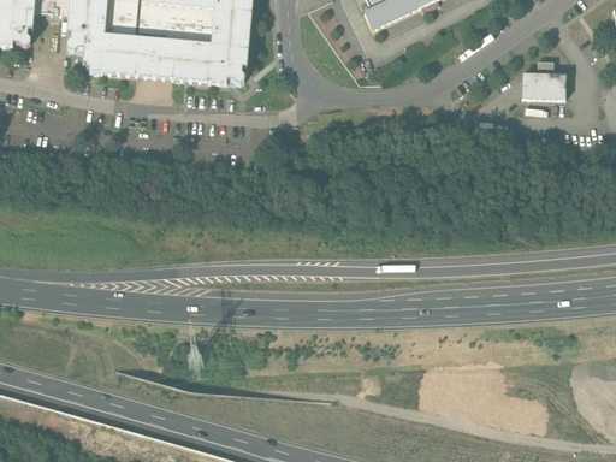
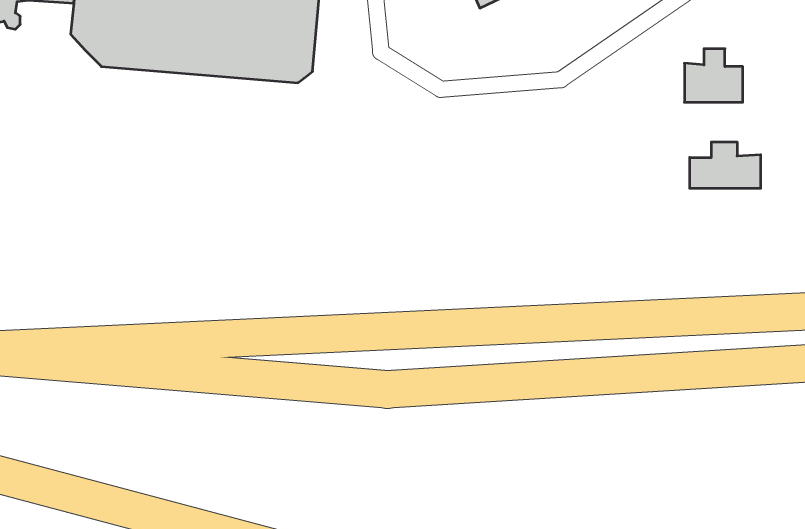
building: none -> [690,142,761,188]

